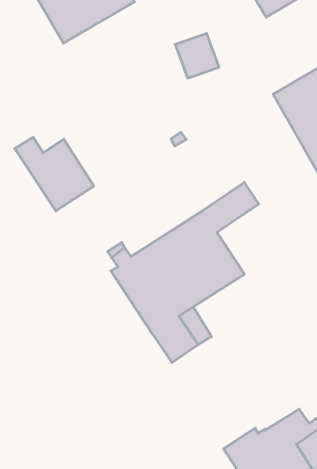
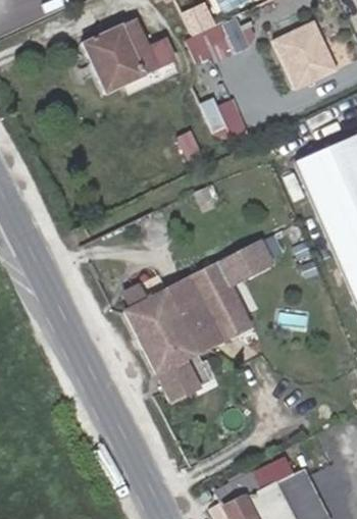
building: [15,137,94,211] -> none

